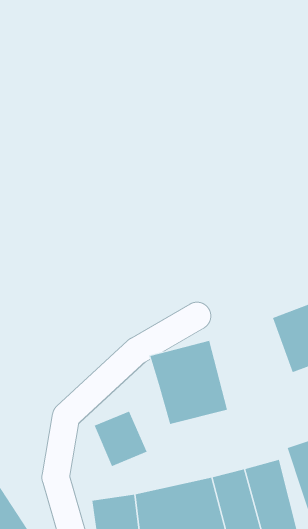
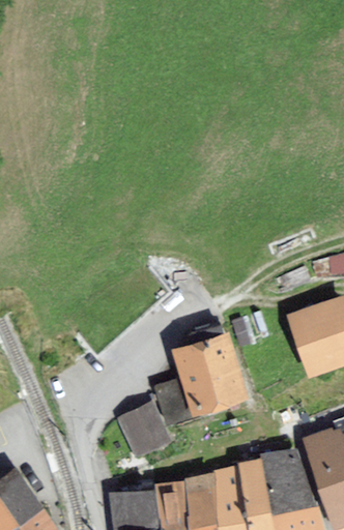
building: none -> [150,378,189,425]

